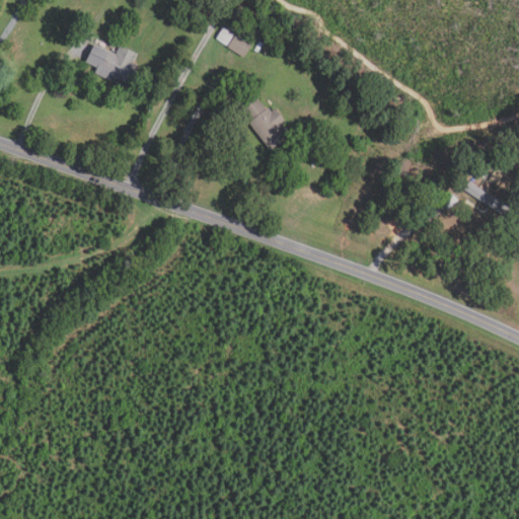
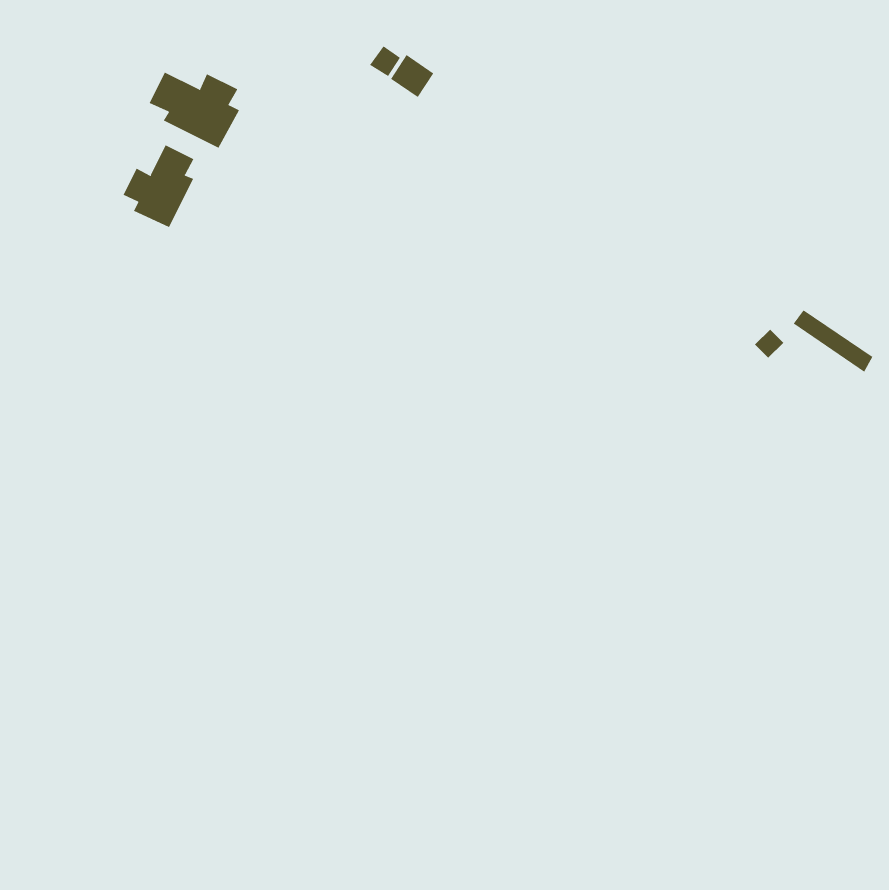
building: none -> [123,145,194,228]
building: [242,95,290,149] -> none

